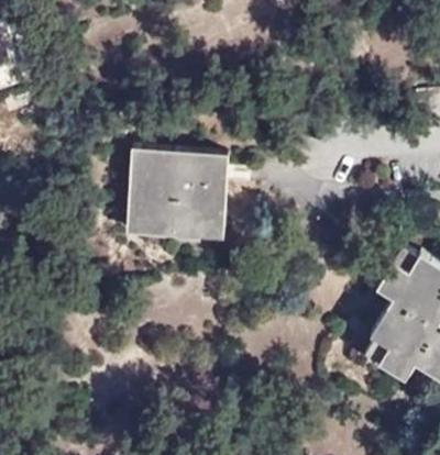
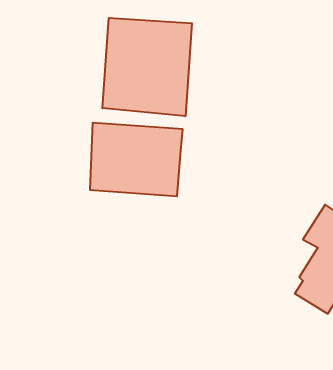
building: none -> [102,18,192,116]

